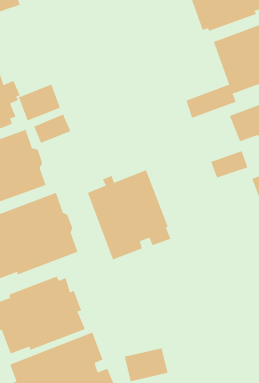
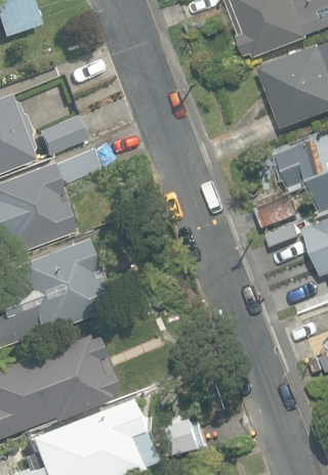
building: [87,169,171,261] -> none

